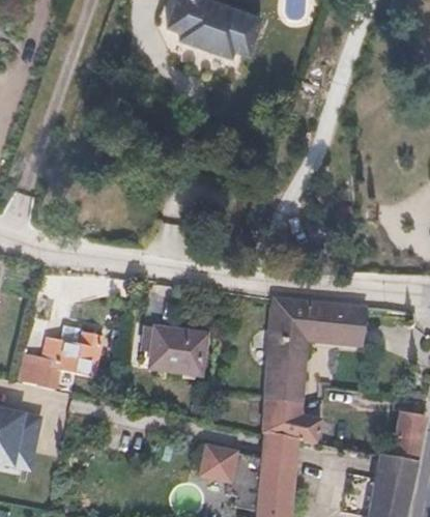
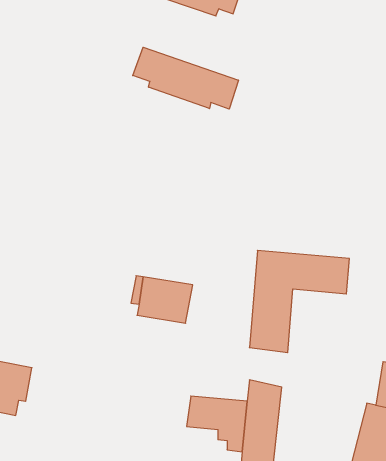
building: none -> [133,47,238,109]
building: [34,329,102,390] -> none
building: [261,398,325,442] -> none

